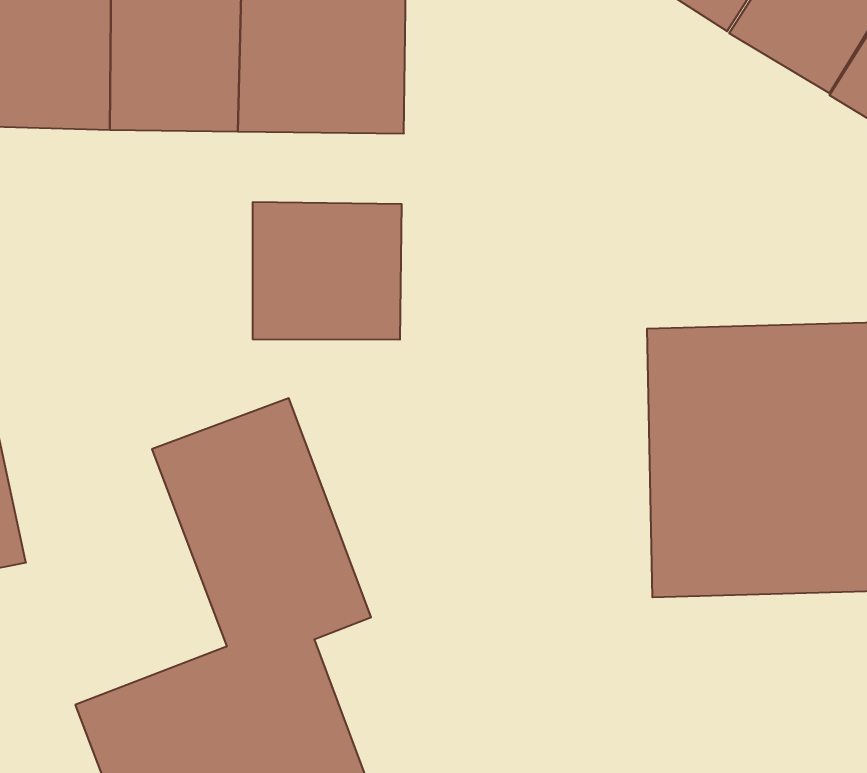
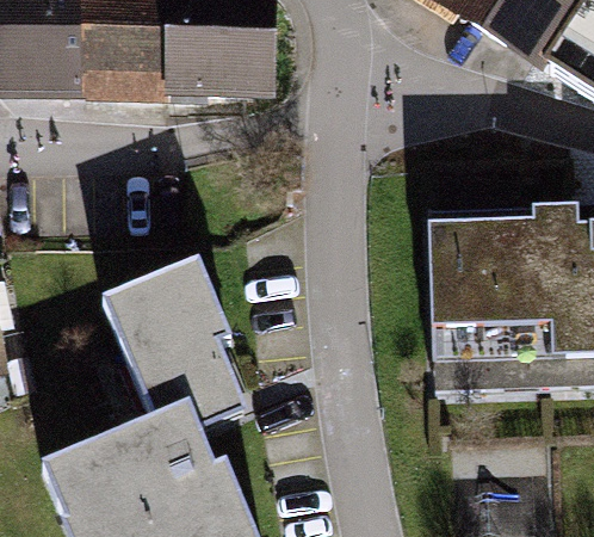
building: [253,202,402,340] -> none

